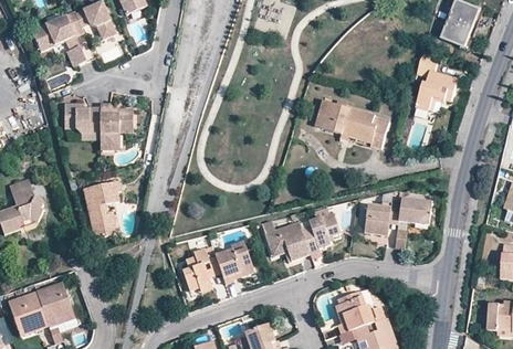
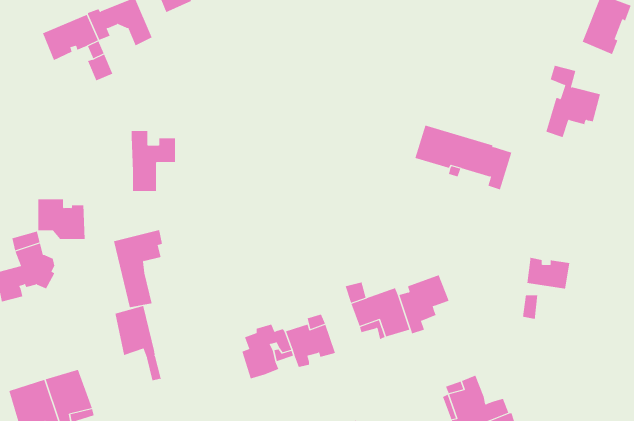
building: [64,104,101,135] -> [38,199,86,240]
building: [365,200,402,234] -> none
building: none -> [115,305,161,381]

